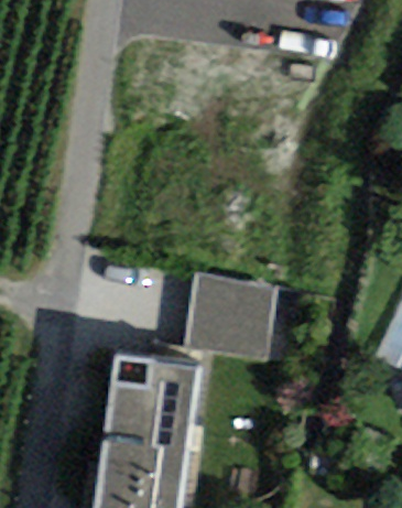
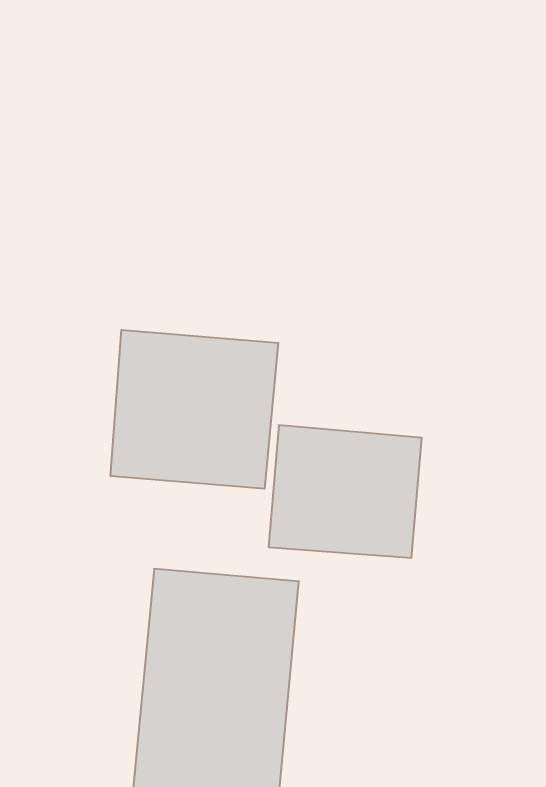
building: none -> [111,330,278,489]

